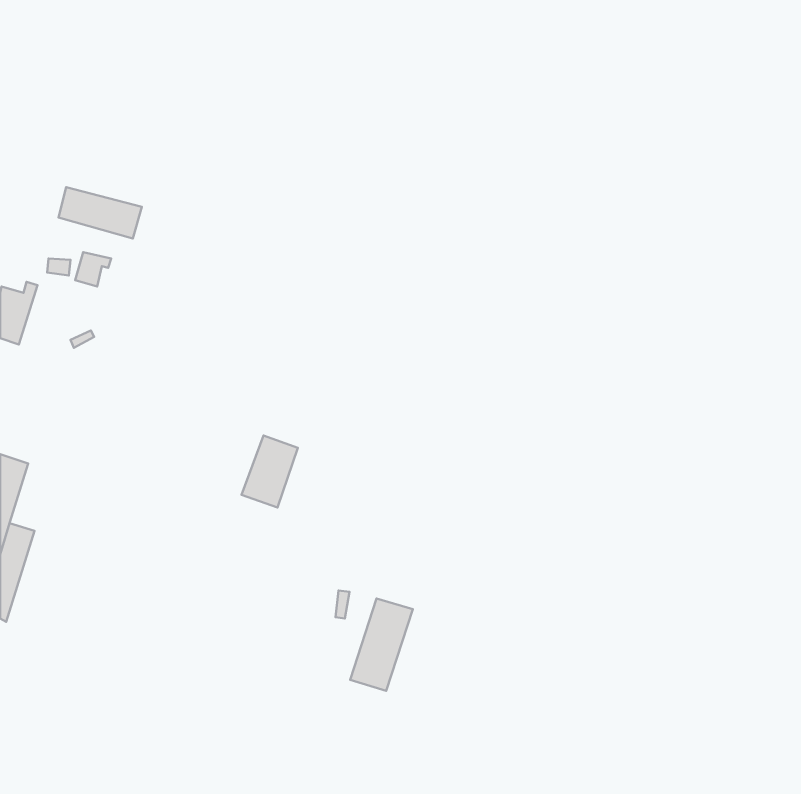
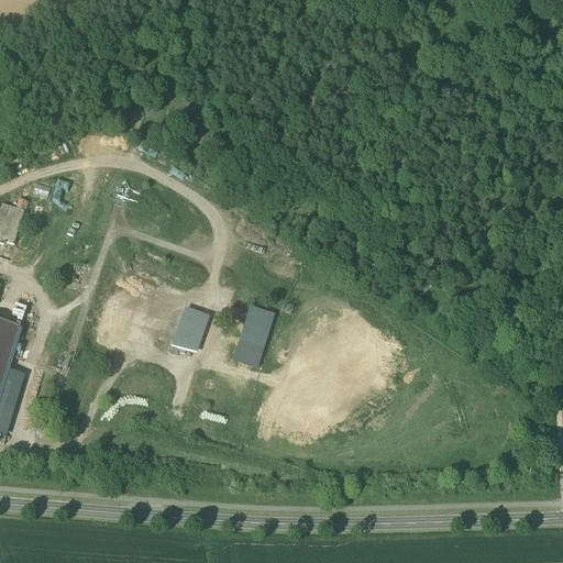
building: [58,187,142,238] -> none
building: [350,598,413,691] -> [231,305,275,369]

